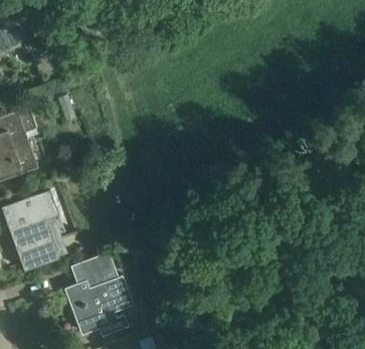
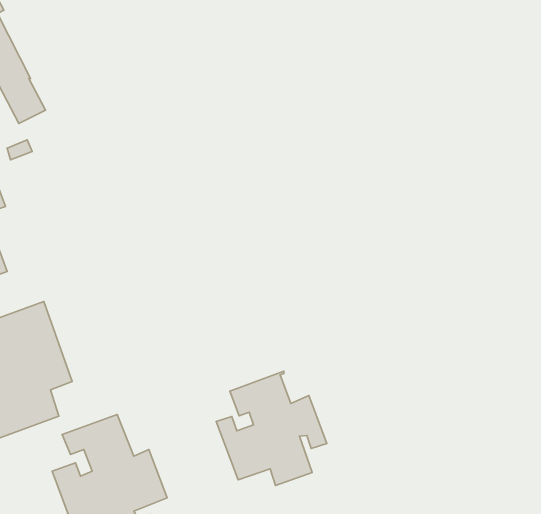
building: none -> [216,371,327,486]

